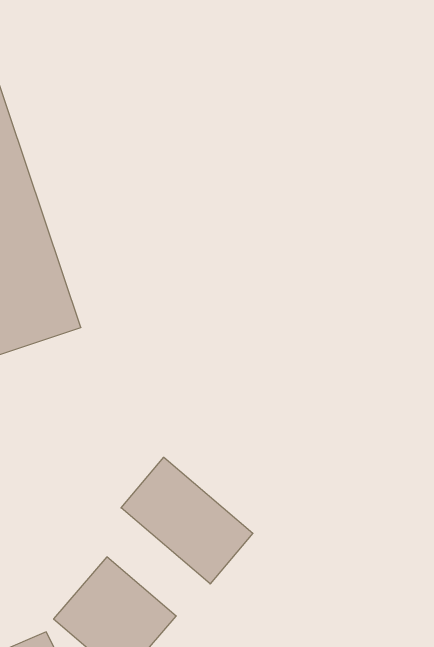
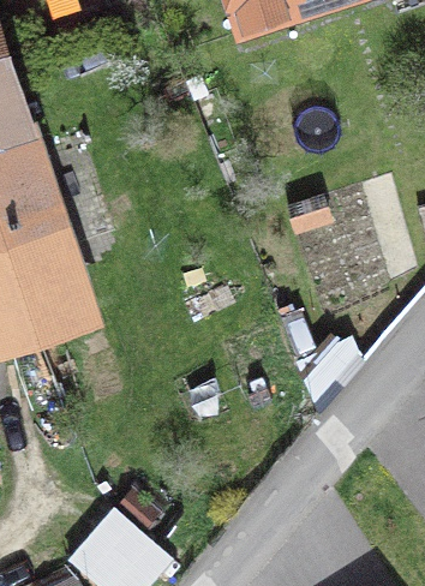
building: [121,457,253,584] -> none

